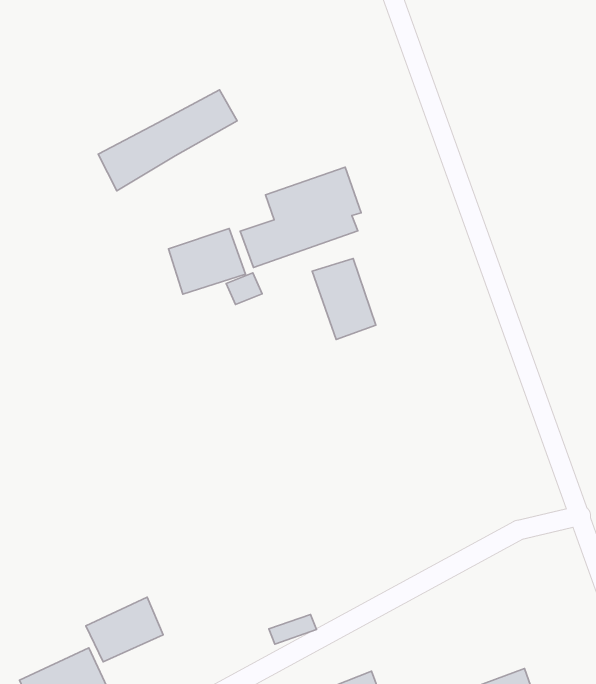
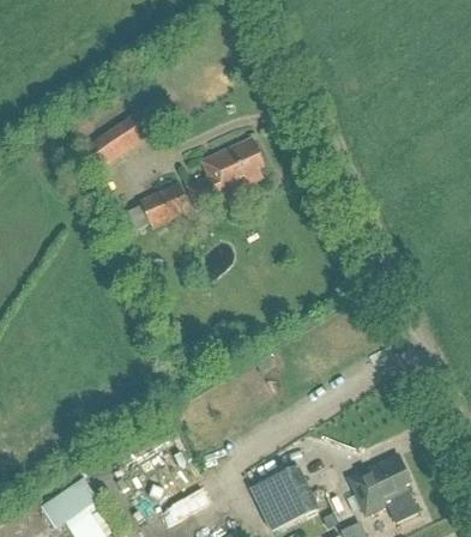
building: [312,258,376,340] -> none
building: [86,597,163,662] -> none

